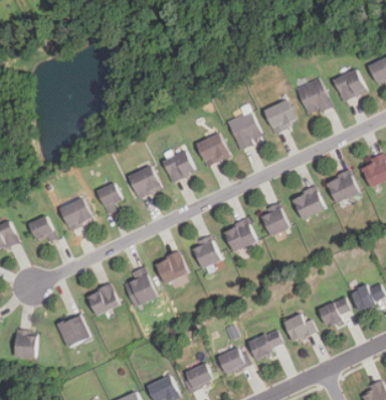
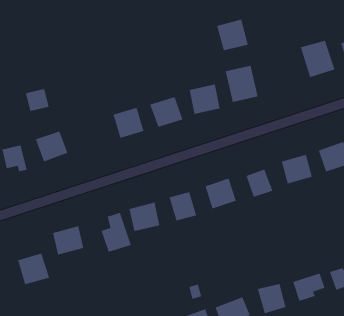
building: [262,99,296,133] -> [216,18,249,51]
building: [95,183,121,207] -> [25,88,50,112]

